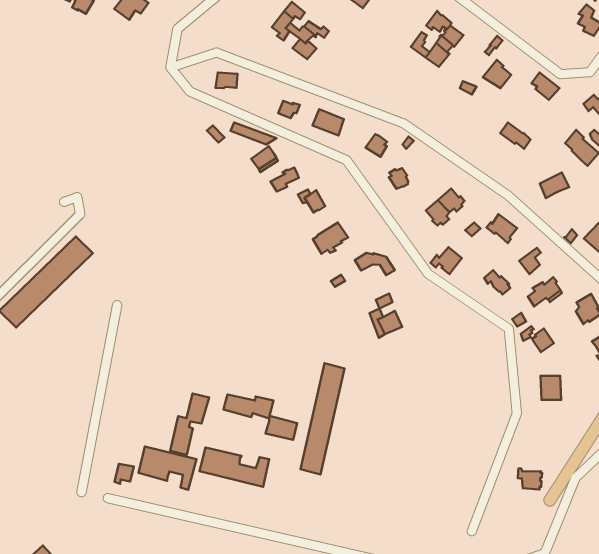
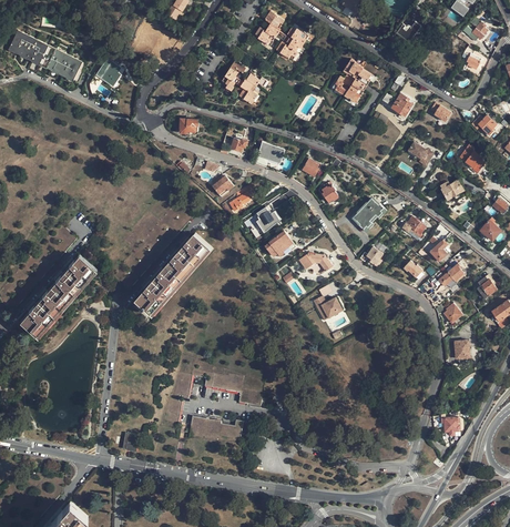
building: none -> [139,234,208,312]
building: [300,363,345,474] -> none
building: [138,446,196,490] -> none

